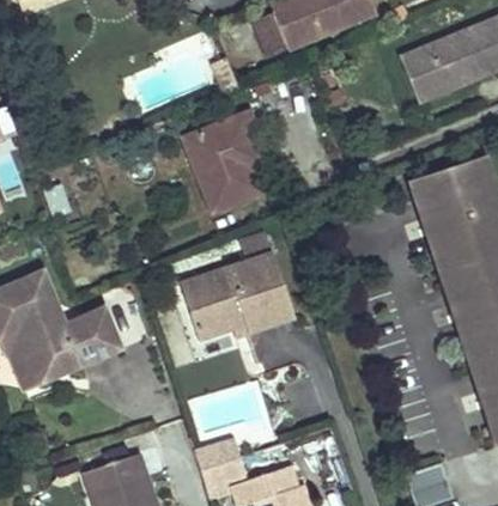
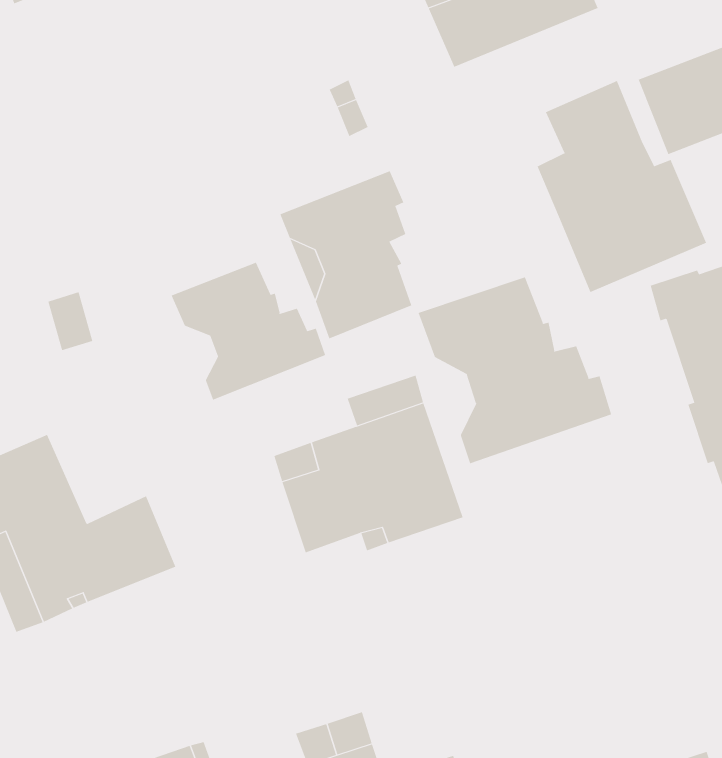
building: none -> [537,80,707,293]
building: none -> [171,262,326,401]
building: none -> [418,277,612,464]

